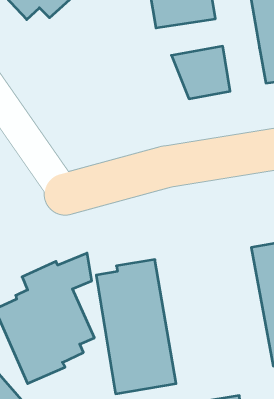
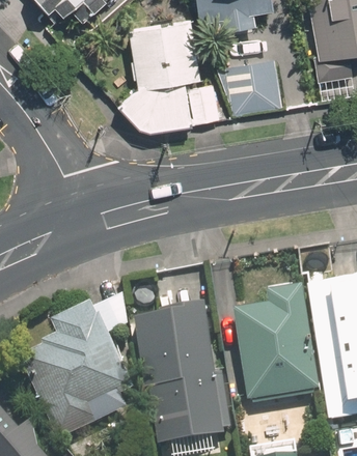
building: none -> [117,20,217,132]
building: none -> [232,283,317,400]

